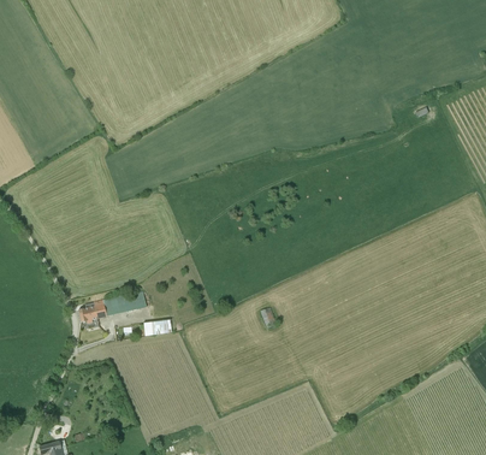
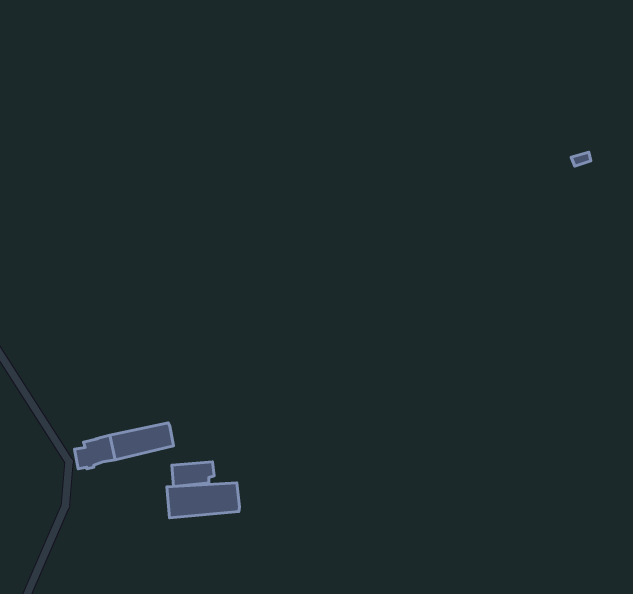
building: none -> [167,483,240,518]

